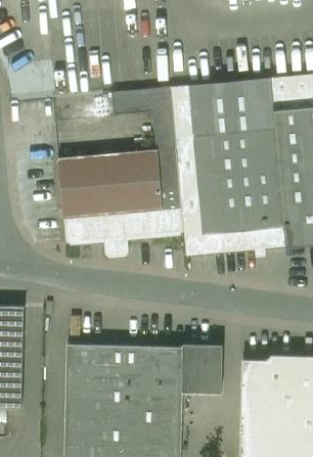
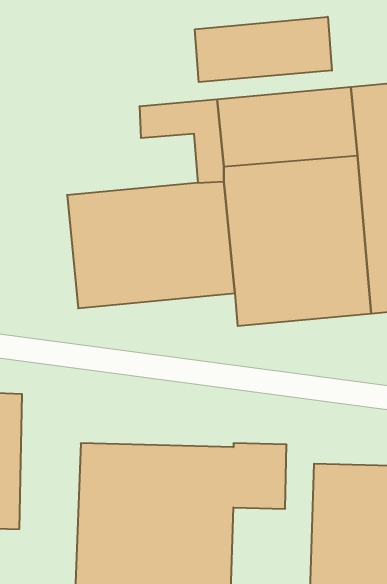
building: none -> [195,17,332,82]

